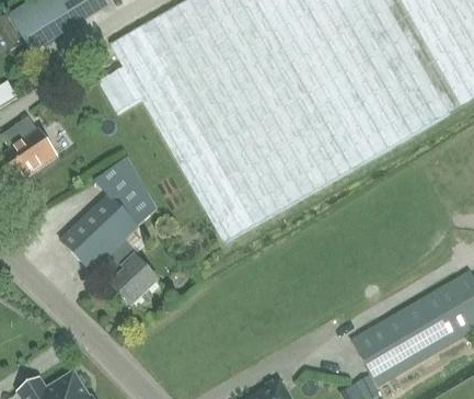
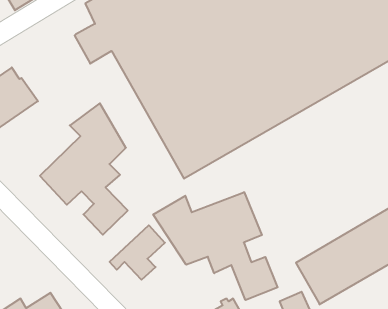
building: none -> [153,192,278,300]
building: none -> [110,225,165,280]

